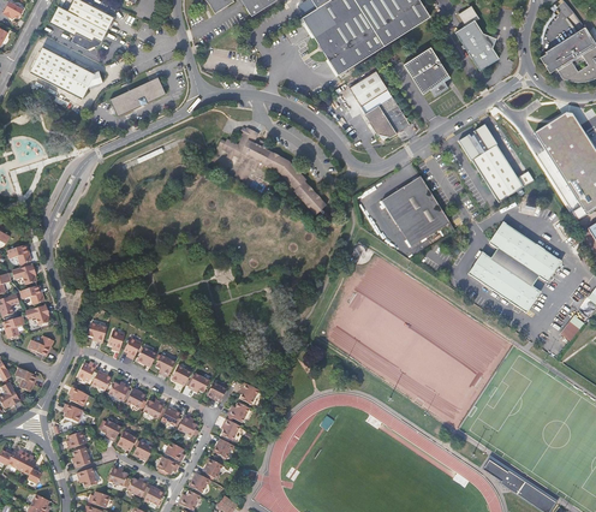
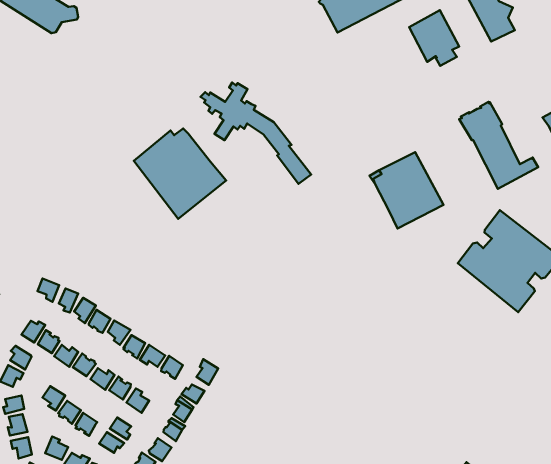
building: [350,70,388,106] -> none
building: [111,77,167,117] -> none
building: [364,96,411,139] -> none
building: none -> [134,128,226,219]

